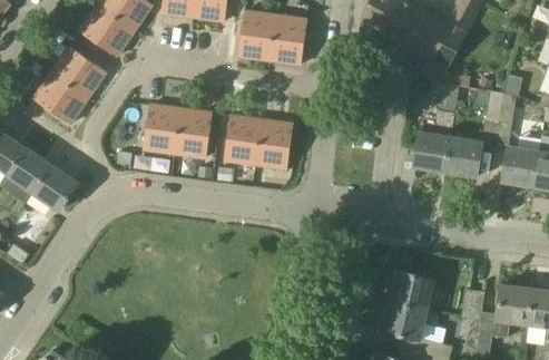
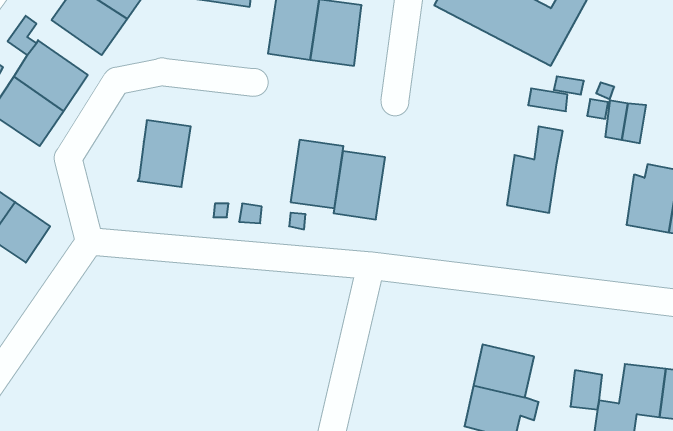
building: [175,109,213,158] -> none
building: [224,115,262,165] -> [334,151,385,219]
building: [445,136,482,177] -> none

